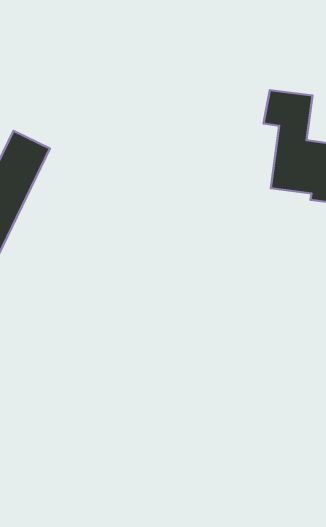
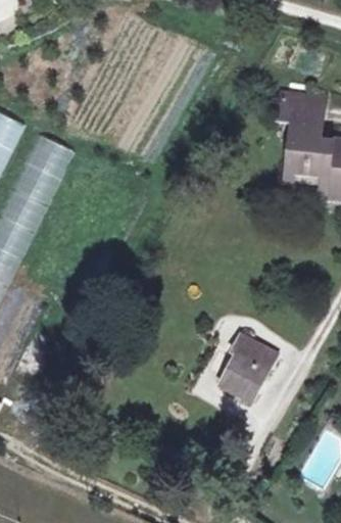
building: none -> [218,332,278,400]

